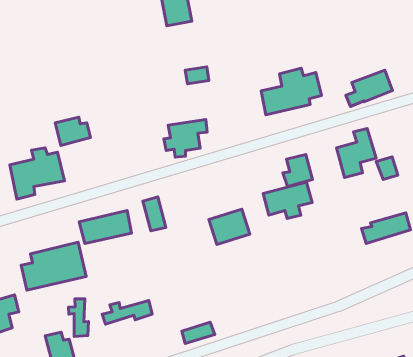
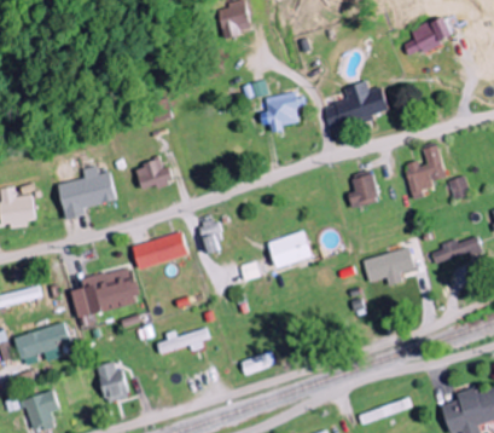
building: [346,70,393,106] -> [403,17,453,56]
building: [55,117,90,146] -> [135,161,173,191]
building: [164,120,207,157] -> [261,93,307,133]
building: [263,182,312,218] -> [364,248,415,287]
building: [68,299,88,337] -> none

